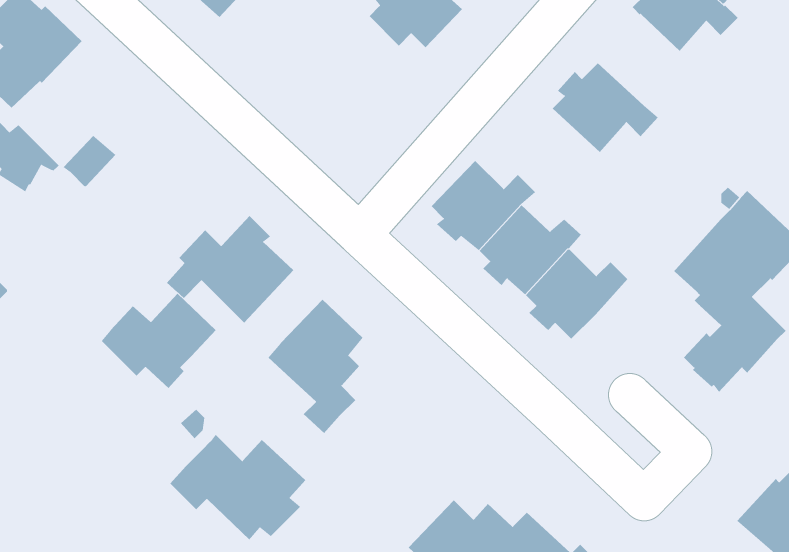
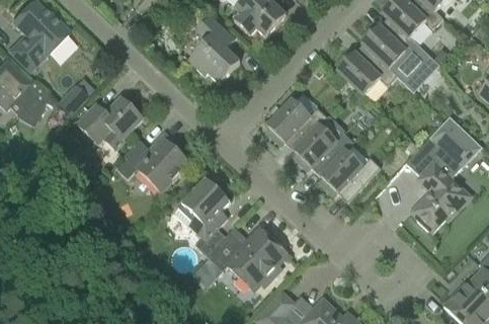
building: none -> [189,14,240,83]
building: none -> [363,16,439,91]
building: [101,293,216,389] -> [78,96,144,151]
building: [169,434,306,540] -> [208,227,286,288]

